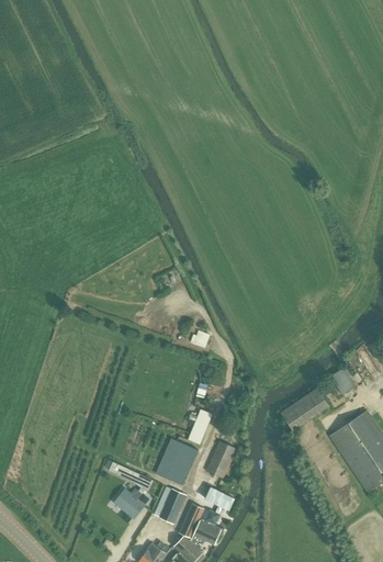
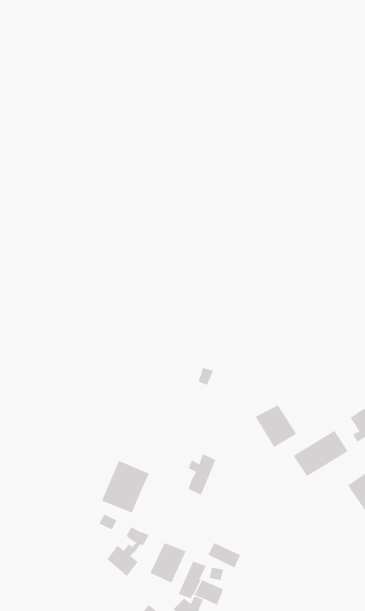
building: none -> [255,404,297,448]
building: [156,438,199,485] -> [101,460,150,513]
building: [206,441,236,479] -> none

